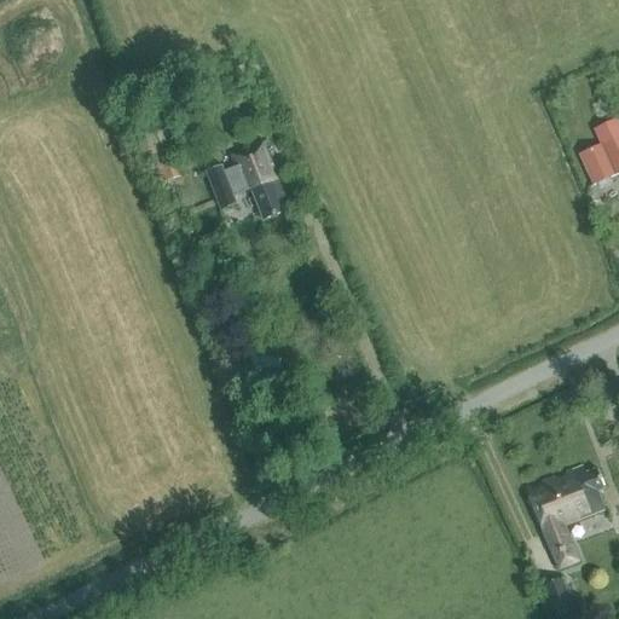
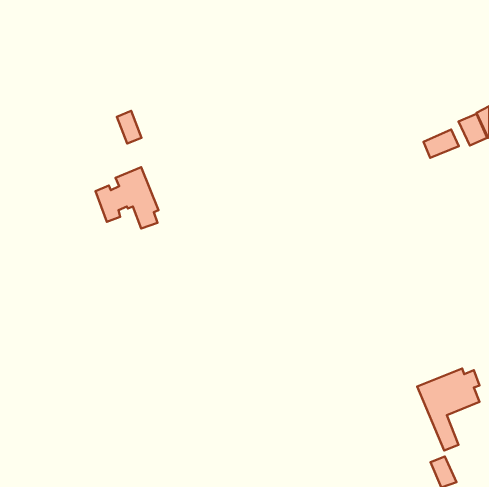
building: [207,141,287,219] -> [95,167,159,228]
building: none -> [423,130,459,158]

